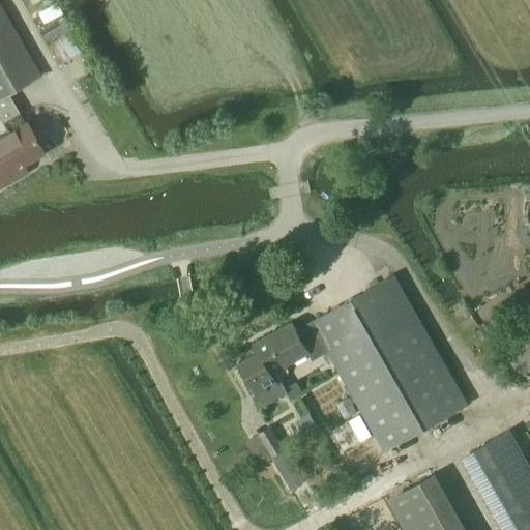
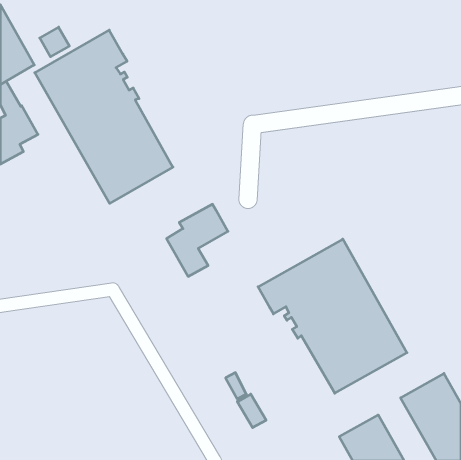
building: none -> [35,30,173,203]
building: [239,323,310,406] -> [167,204,228,276]

